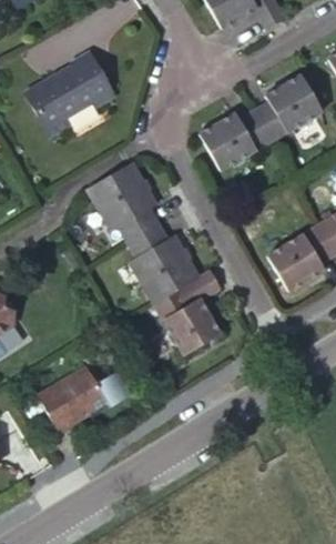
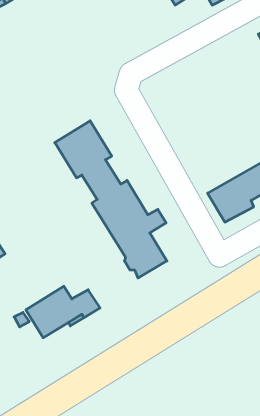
building: [24,49,114,133] -> none
building: [198,72,323,170] -> none

